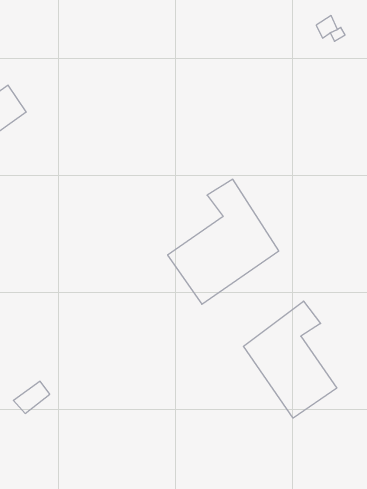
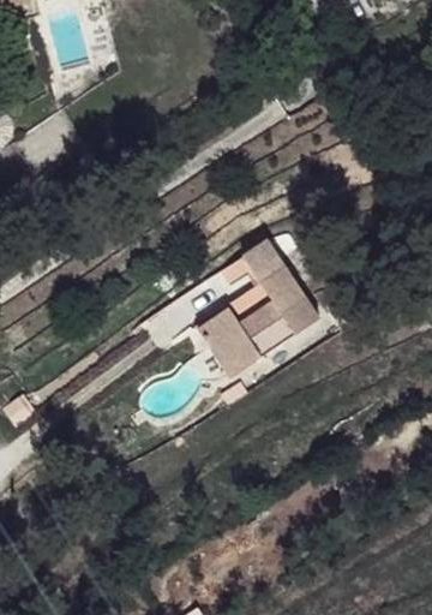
building: [243,301,337,418] -> none

